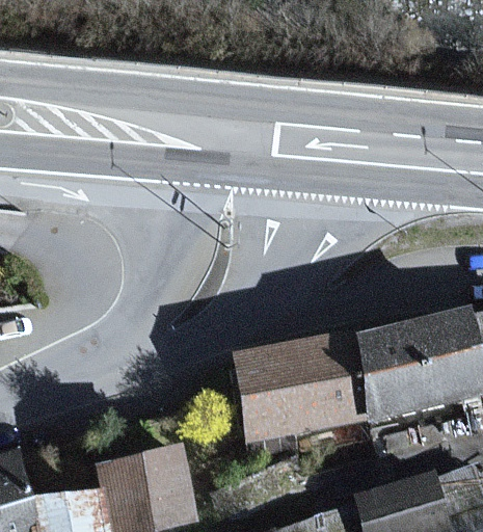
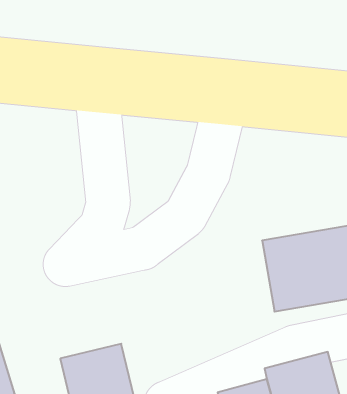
building: [234,329,369,440] -> none

